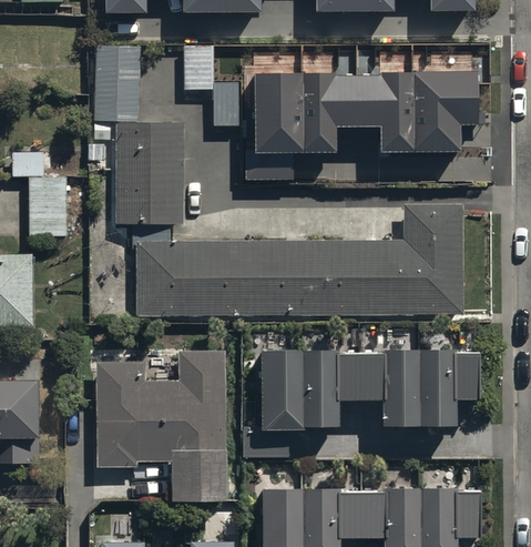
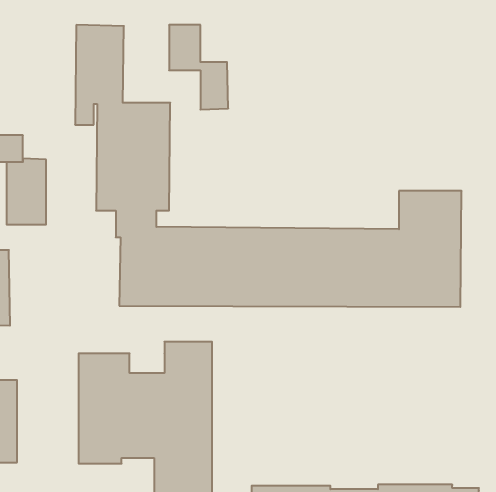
building: [256,73,478,153] -> none
building: [242,344,479,456] -> none

